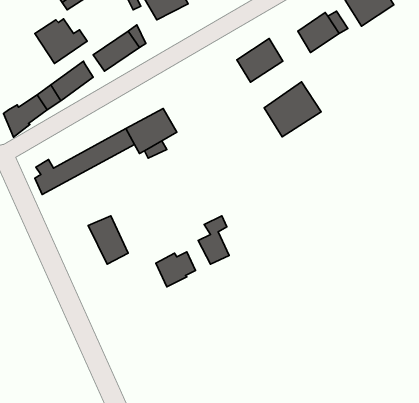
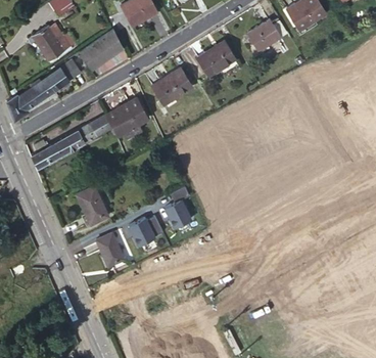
building: none -> [151,68,192,105]
building: [264,82,321,137] -> none
building: none -> [96,233,125,267]

